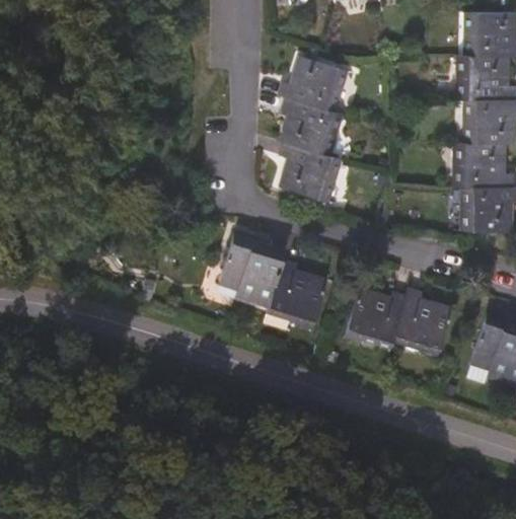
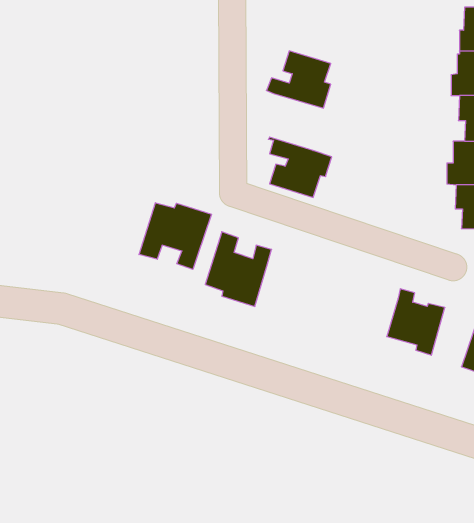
building: [282,97,342,153] -> none
building: none -> [139,203,211,269]
building: [267,264,327,329] -> none
building: [347,288,408,343] -> none

